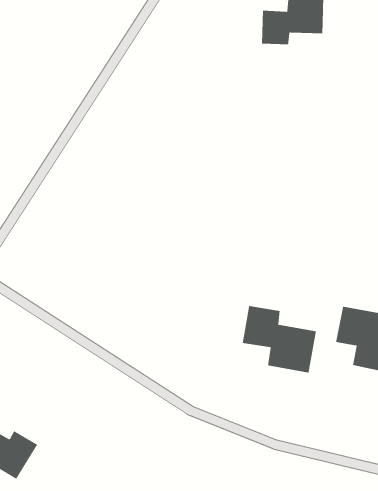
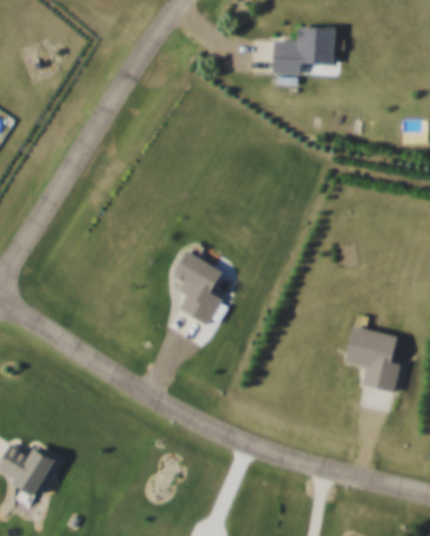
building: none -> [173,251,224,325]
building: [242,305,317,373] -> none

